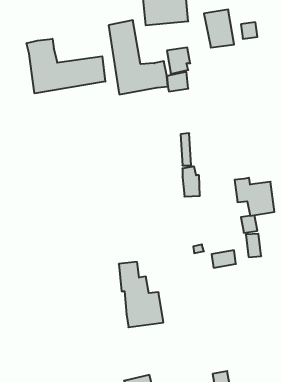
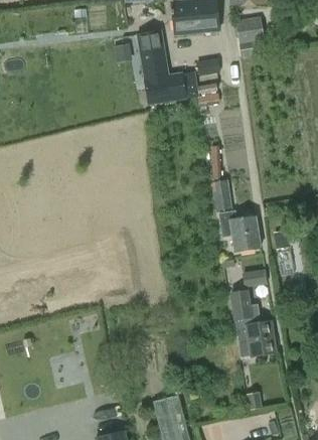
building: [27,39,105,93] -> none
building: [235,178,274,216] -> [218,211,260,251]
building: [119,262,163,327] -> [229,289,276,356]

